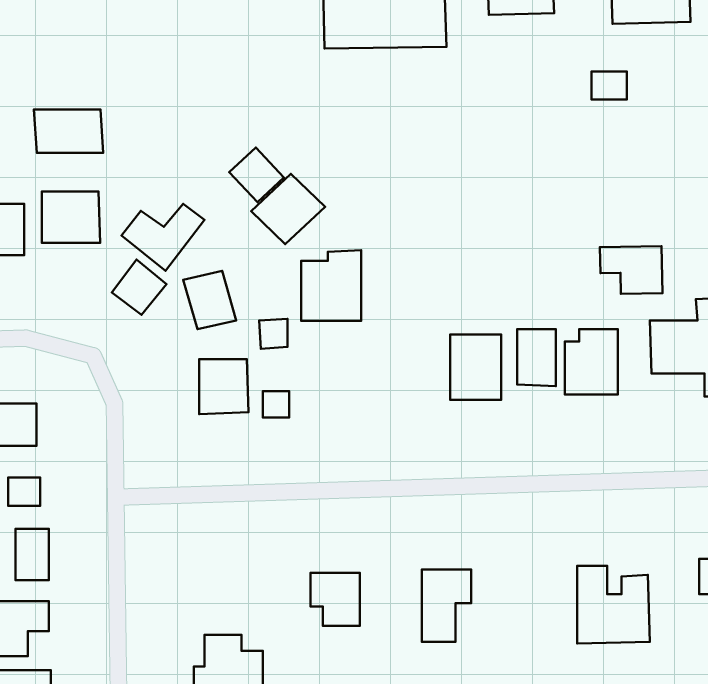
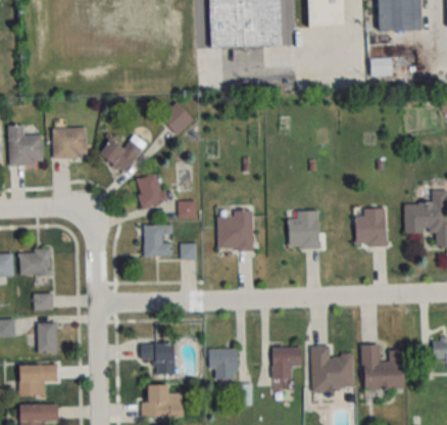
building: [34,109,103,153] -> none
building: [251,174,325,244] -> none
building: [600,246,662,294] -> none
building: [301,250,361,321] -> [216,209,251,250]
building: [112,260,167,315] -> none
building: [517,329,556,386] -> none
building: none -> [140,343,173,374]
building: none -> [310,345,353,390]

